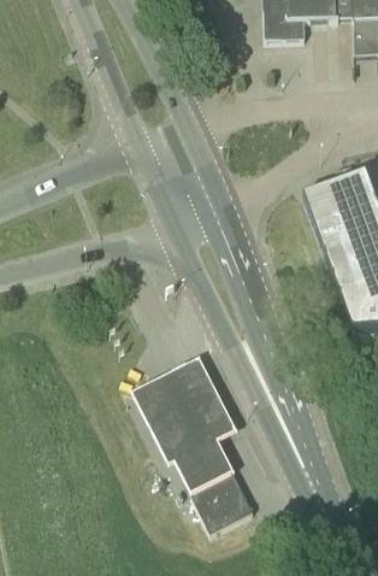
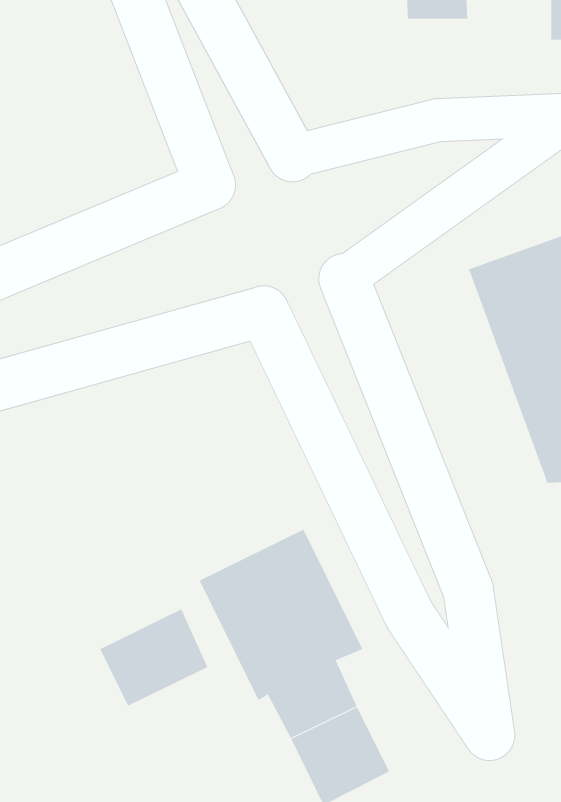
building: none -> [99,608,208,706]

